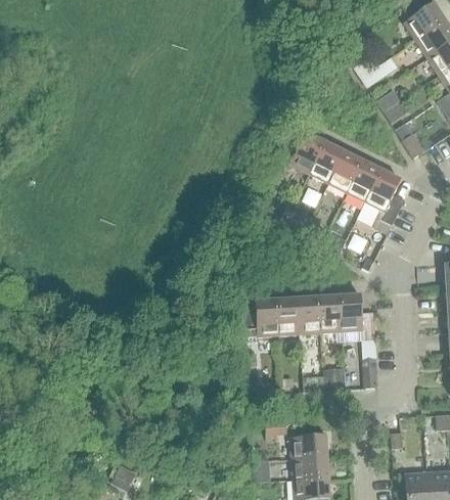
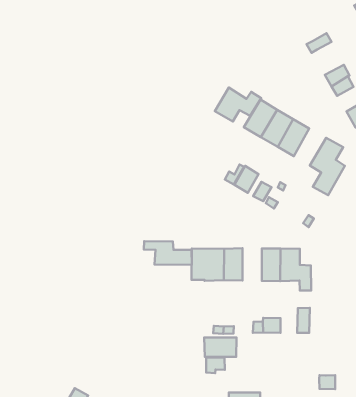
building: none -> [215,88,261,122]
building: [347,161,381,201] -> none
building: none -> [144,241,192,265]
building: [297,297,320,333] -> none
building: [289,435,326,458] -> [204,337,237,357]

